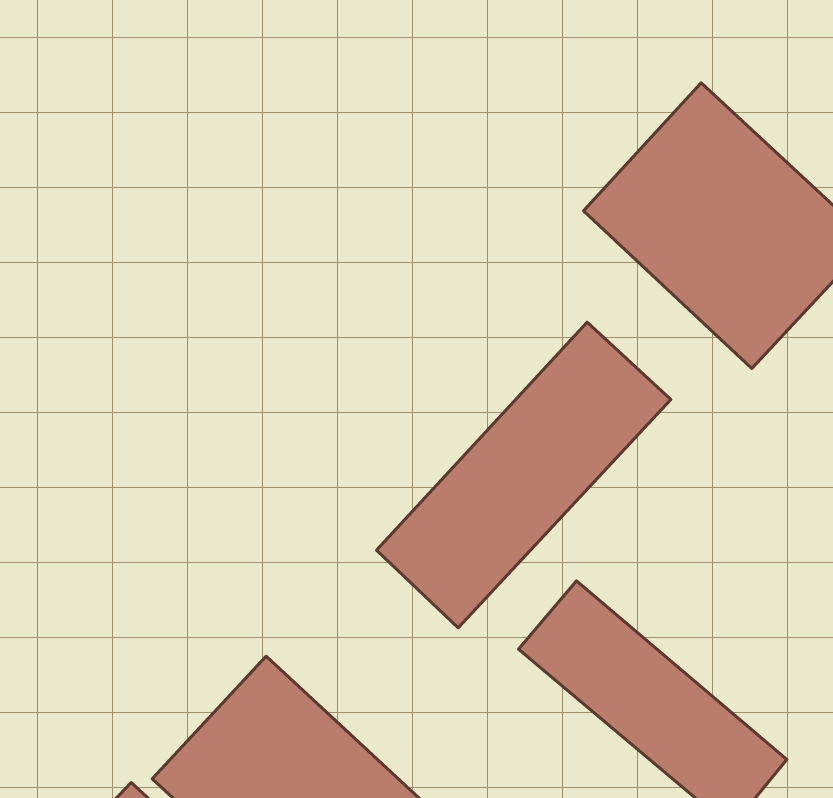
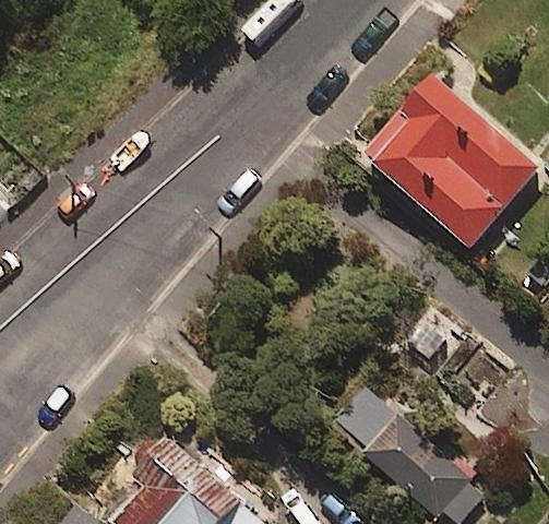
building: [377,322,671,628] -> none

